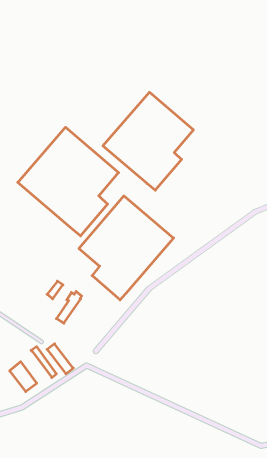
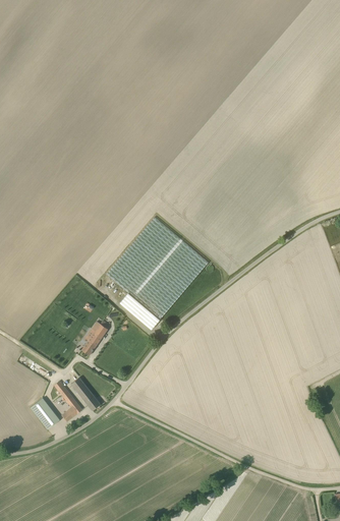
building: [103,92,193,190] -> none
building: [18,127,119,236] -> none

